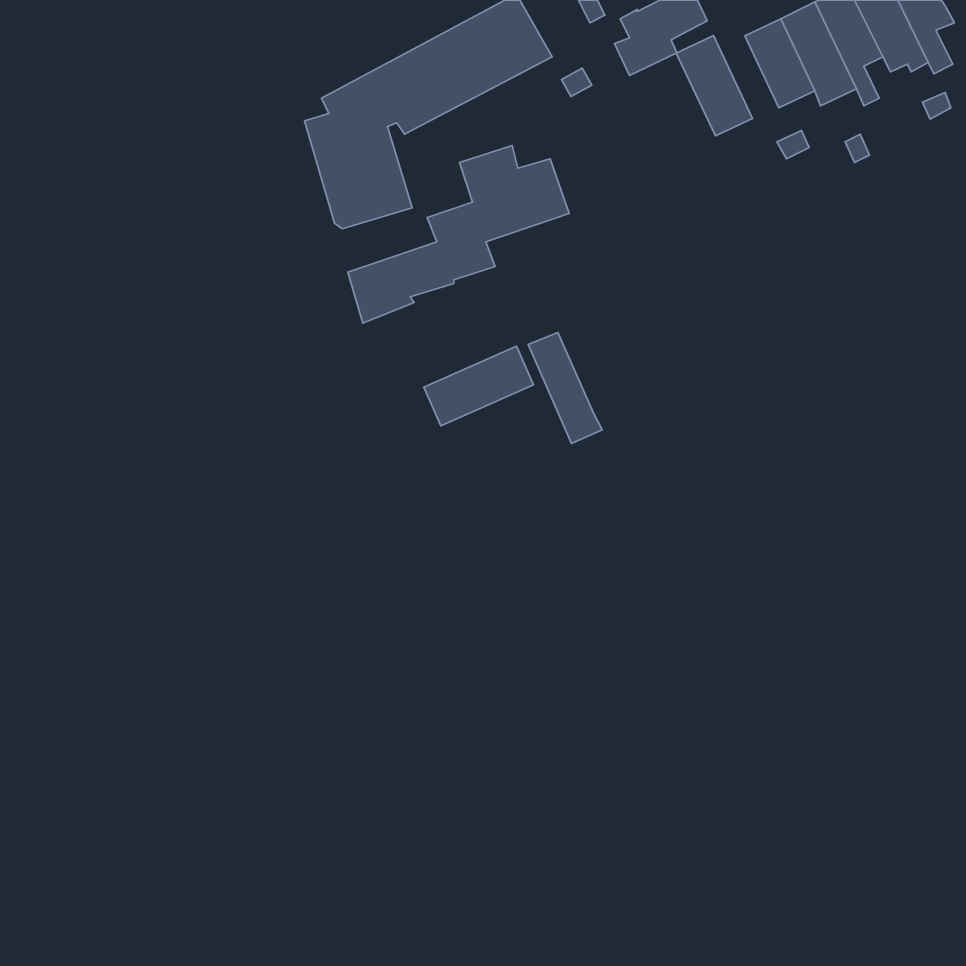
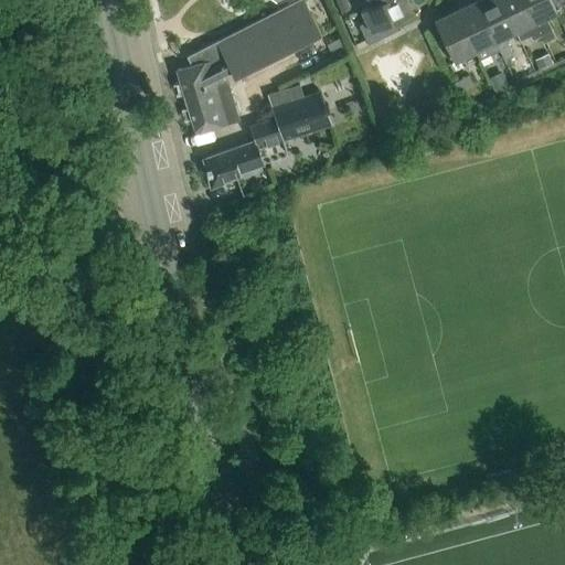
building: [676,36,753,136] -> none
building: [528,332,602,443] -> none
building: [424,346,534,426] -> none

